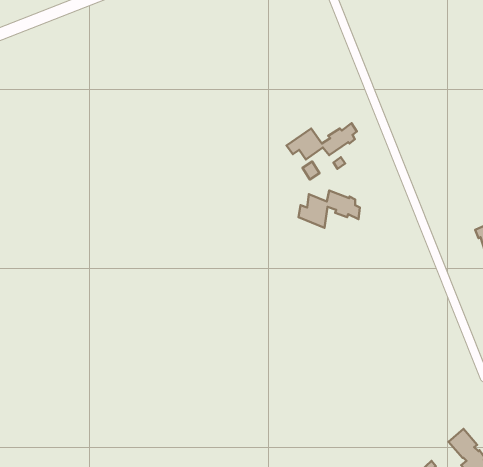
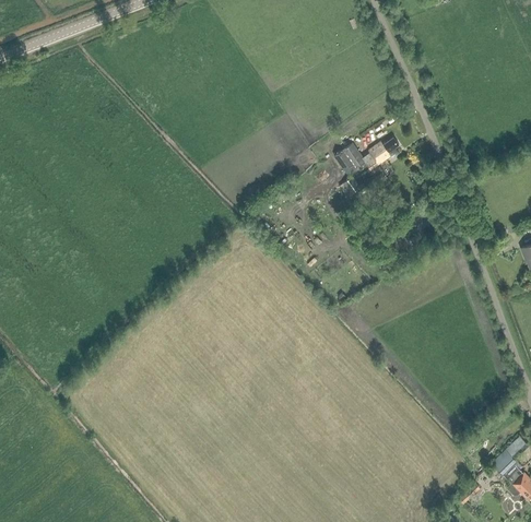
building: [299,191,360,228] -> none

